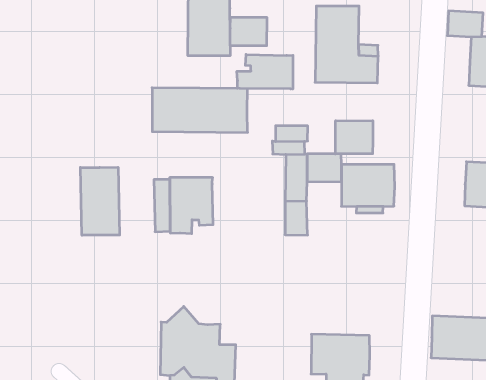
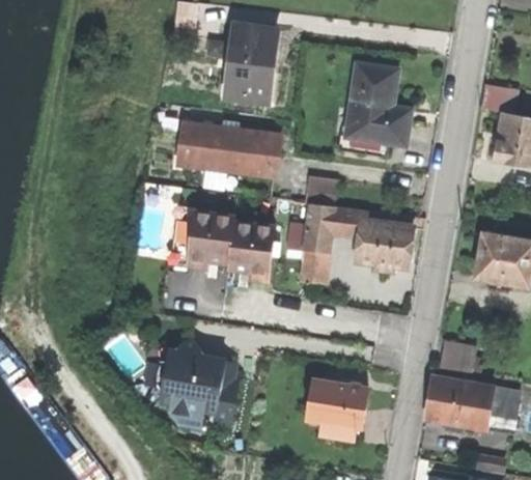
building: [230,17,267,46] -> none
building: [237,54,293,89] -> none
building: [335,121,373,154] -> none
building: [80,167,120,235] -> none
building: none -> [229,222,275,281]
building: none -> [440,339,475,370]

